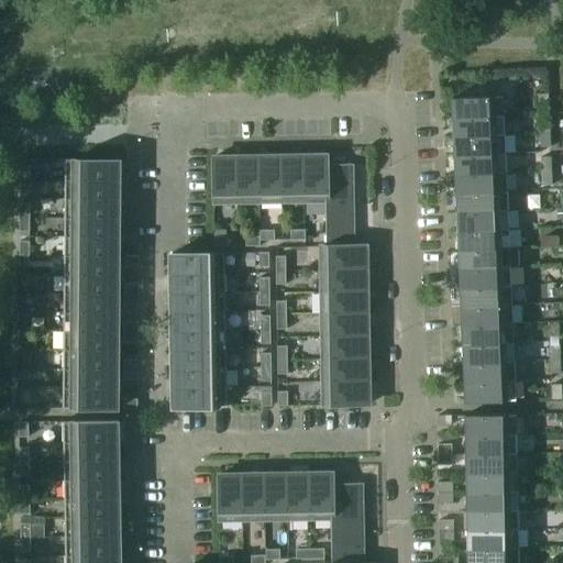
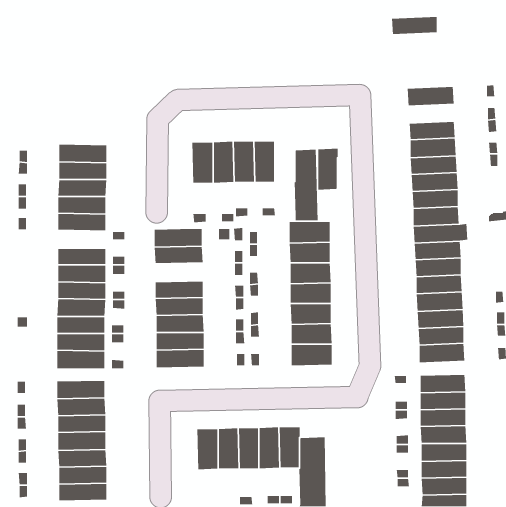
building: [453,115,505,136] -> [391,16,438,35]
building: [306,155,329,202] -> [318,148,338,191]
building: [65,255,119,275] -> none
building: [173,291,227,312] -> none

